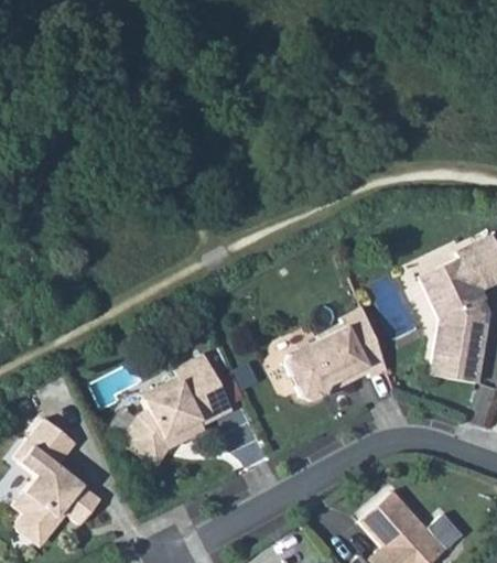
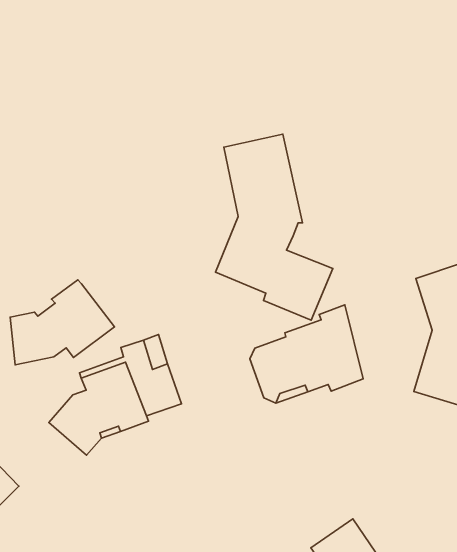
building: none -> [215,134,333,320]
building: none -> [10,280,115,365]

